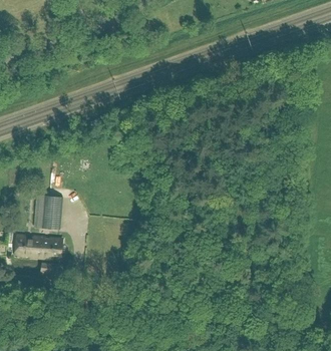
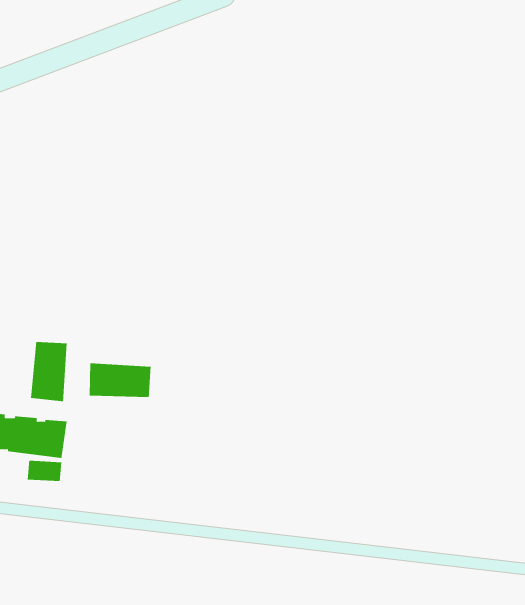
building: none -> [89,363,151,398]

